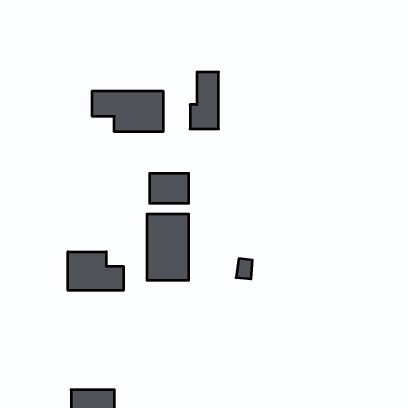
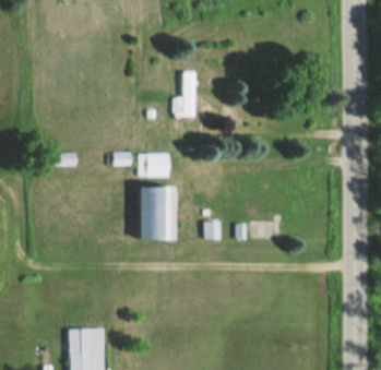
building: [92,91,163,132] -> none
building: [68,252,123,290] -> none

